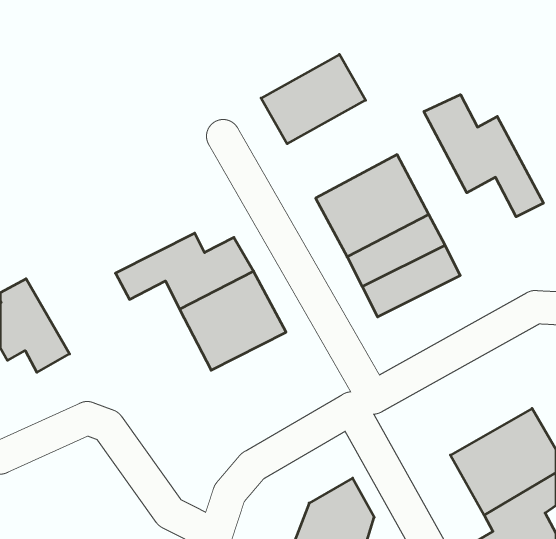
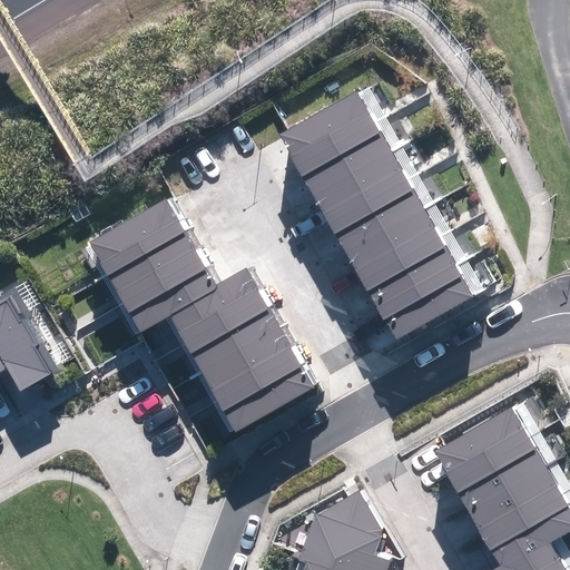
building: [424,95,543,217] -> none
building: none -> [294,120,406,220]
building: none -> [80,185,199,297]
building: none -> [216,357,313,435]
building: none -> [440,399,544,483]

